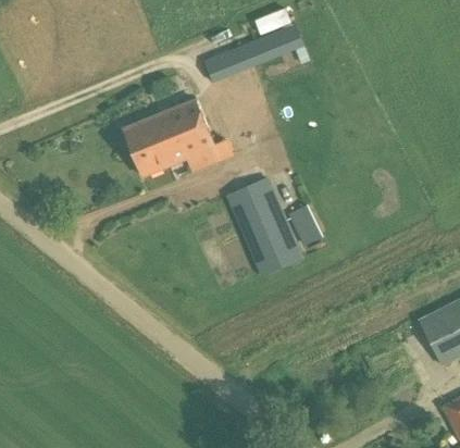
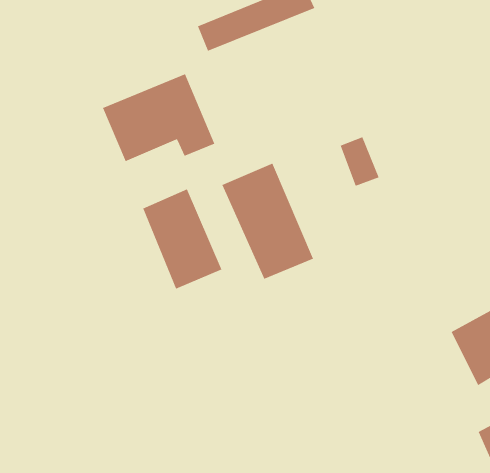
building: none -> [143,188,222,290]
building: [290,203,324,246] -> [340,137,380,187]

